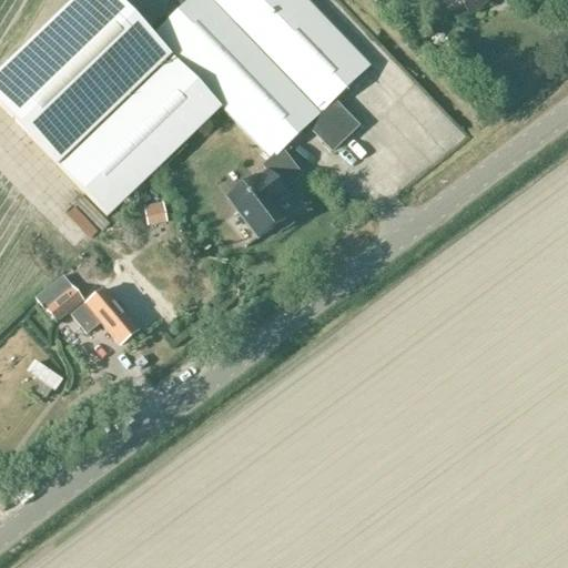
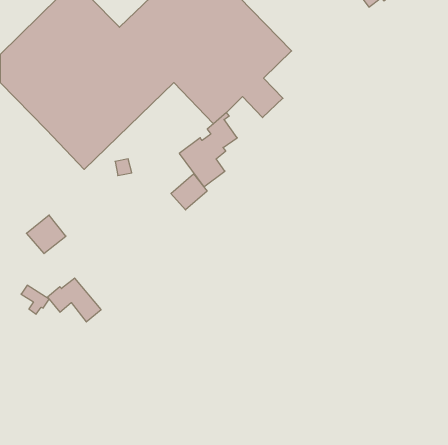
building: none -> [171,174,207,210]
building: [71,288,139,344] -> [48,278,101,322]

